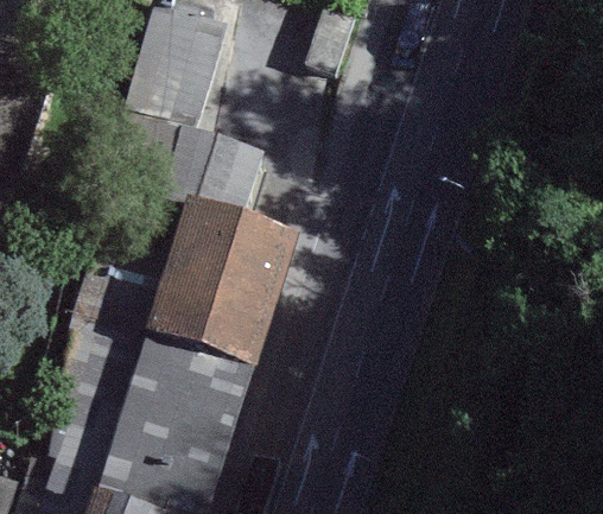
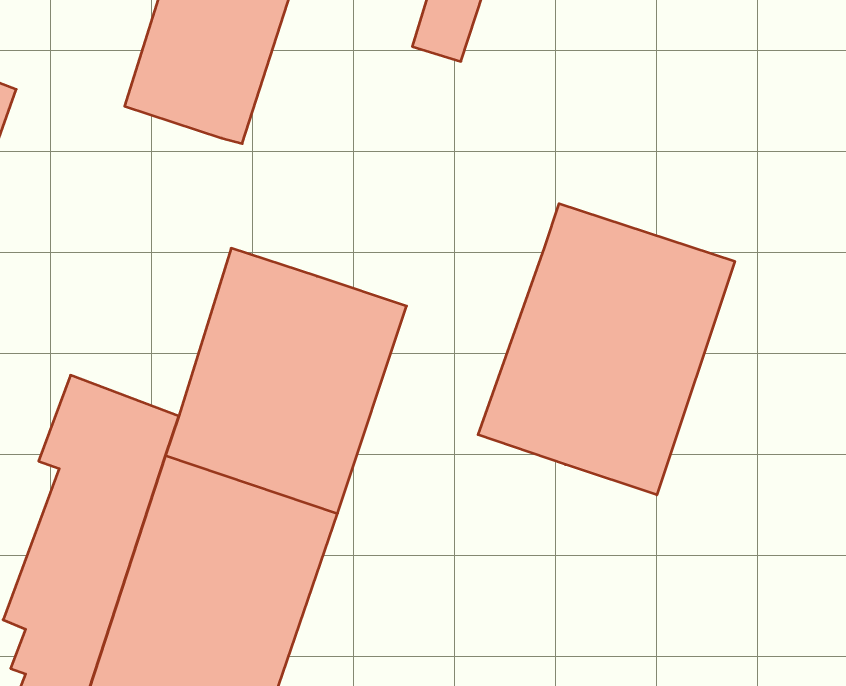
building: [165,125,266,212] -> none
building: none -> [478,204,735,495]

